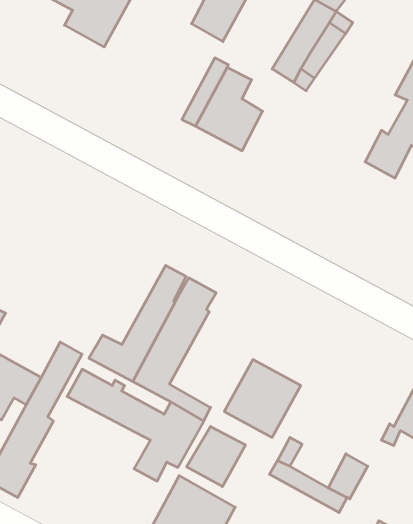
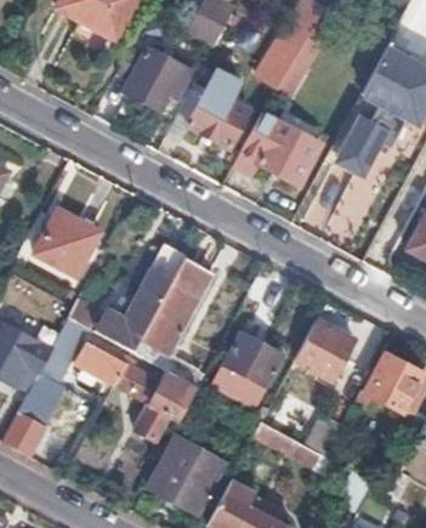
building: none -> [118,47,192,112]
building: none -> [234,113,322,186]
building: none -> [35,209,102,277]
building: none -> [296,322,353,381]
building: [187,426,245,487] -> none

